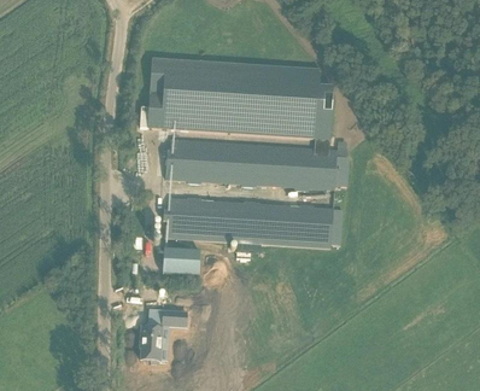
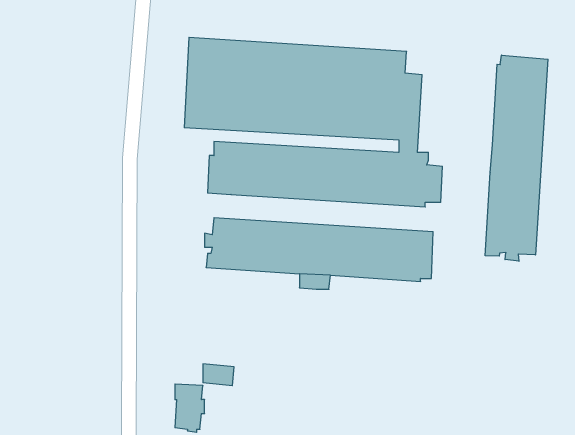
building: none -> [485,55,548,261]
building: [163,247,200,274] -> none

